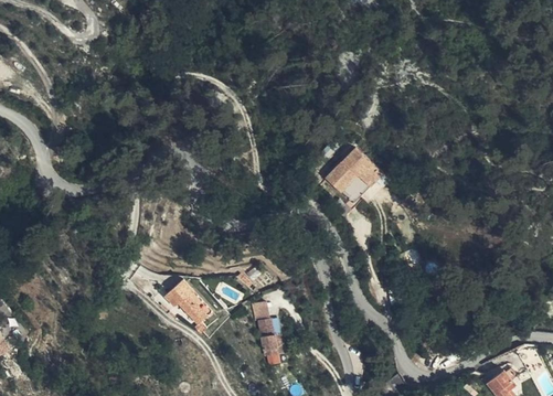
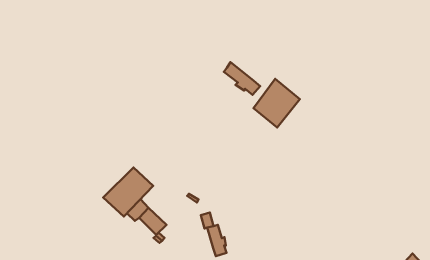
building: none -> [224,62,260,95]
building: none -> [103,168,153,216]

